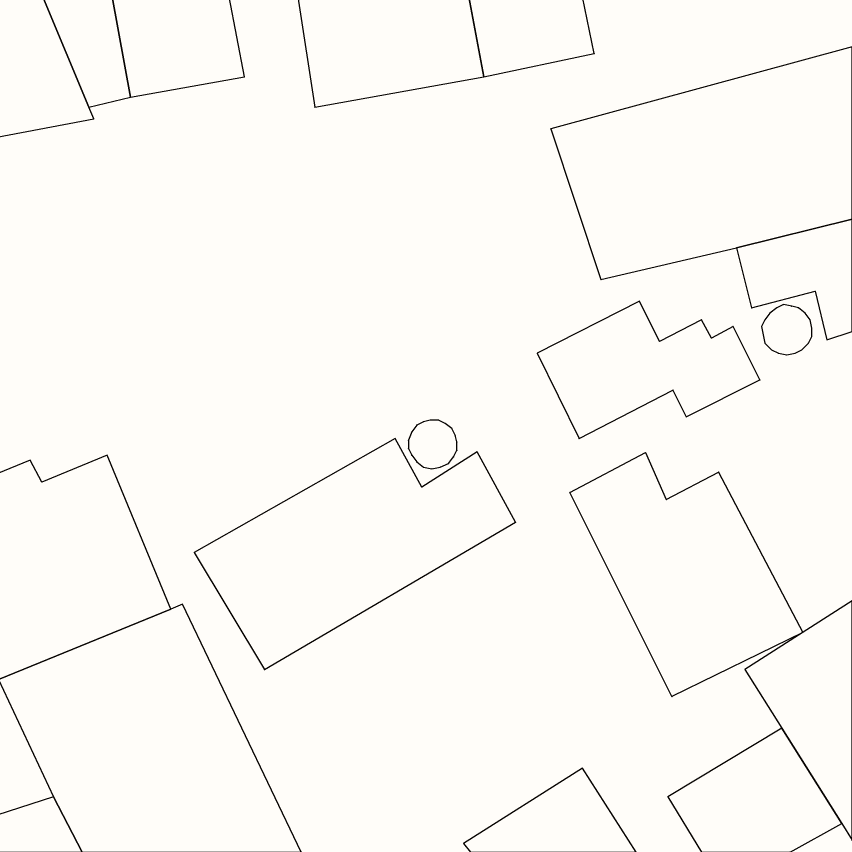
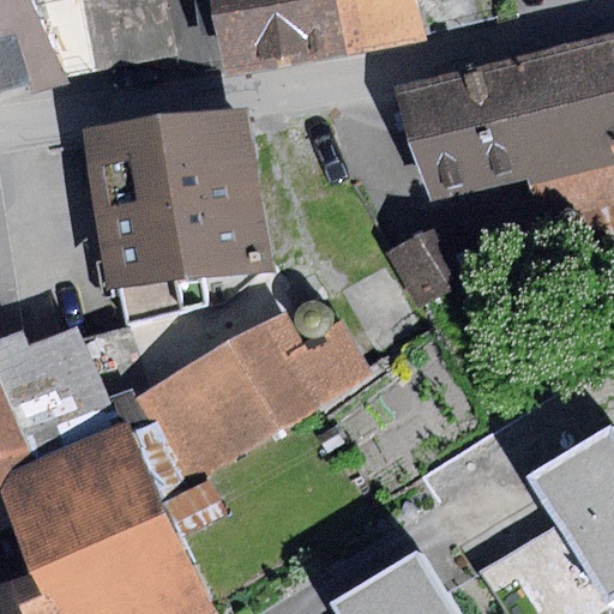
building: none -> [85,109,270,319]
building: [570,453,803,697] -> none

